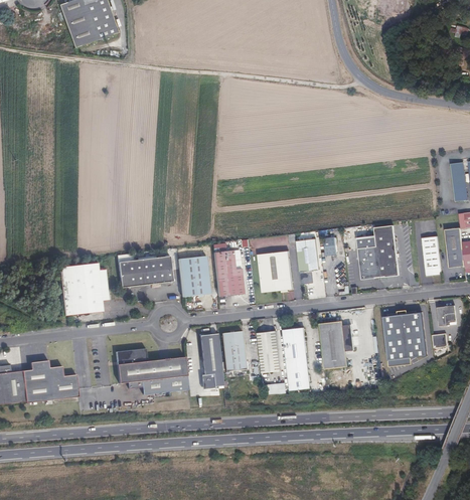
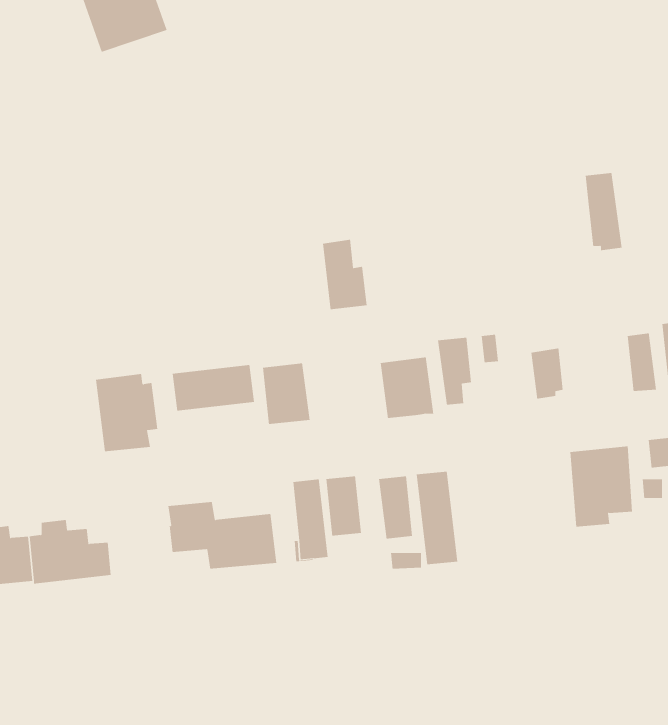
building: [374,224,400,277] -> [585,173,623,251]
building: [213,249,244,297] -> [322,239,367,310]
building: [318,321,352,369] -> none

